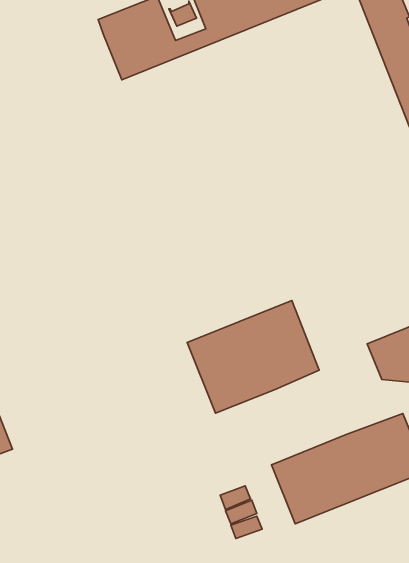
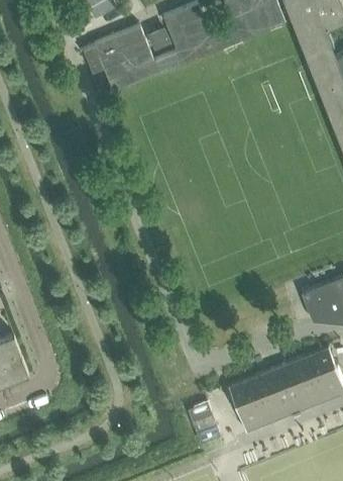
building: [187,301,319,413] -> none

